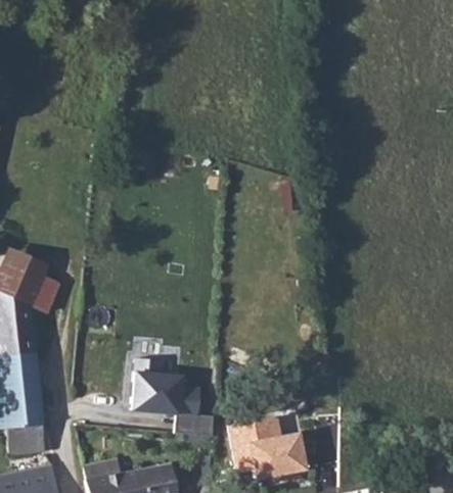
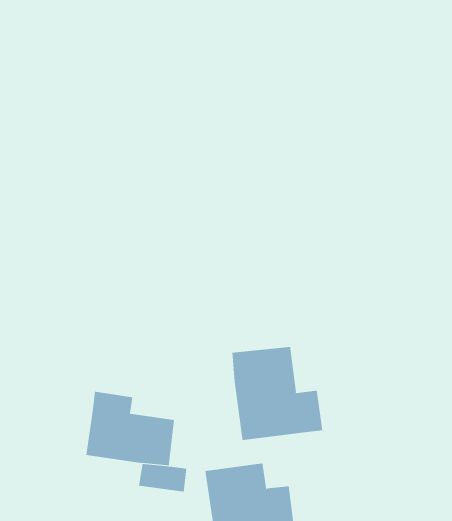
building: none -> [232,346,323,441]

